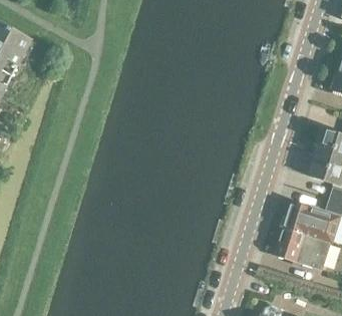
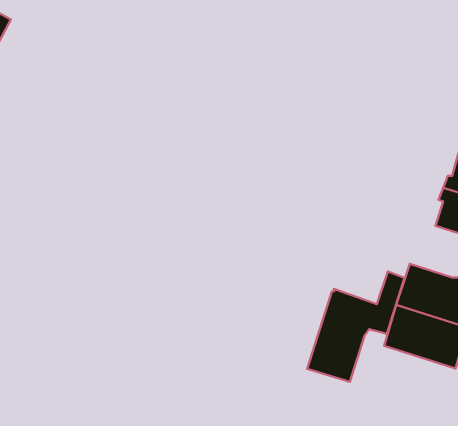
building: none -> [307,272,405,382]

